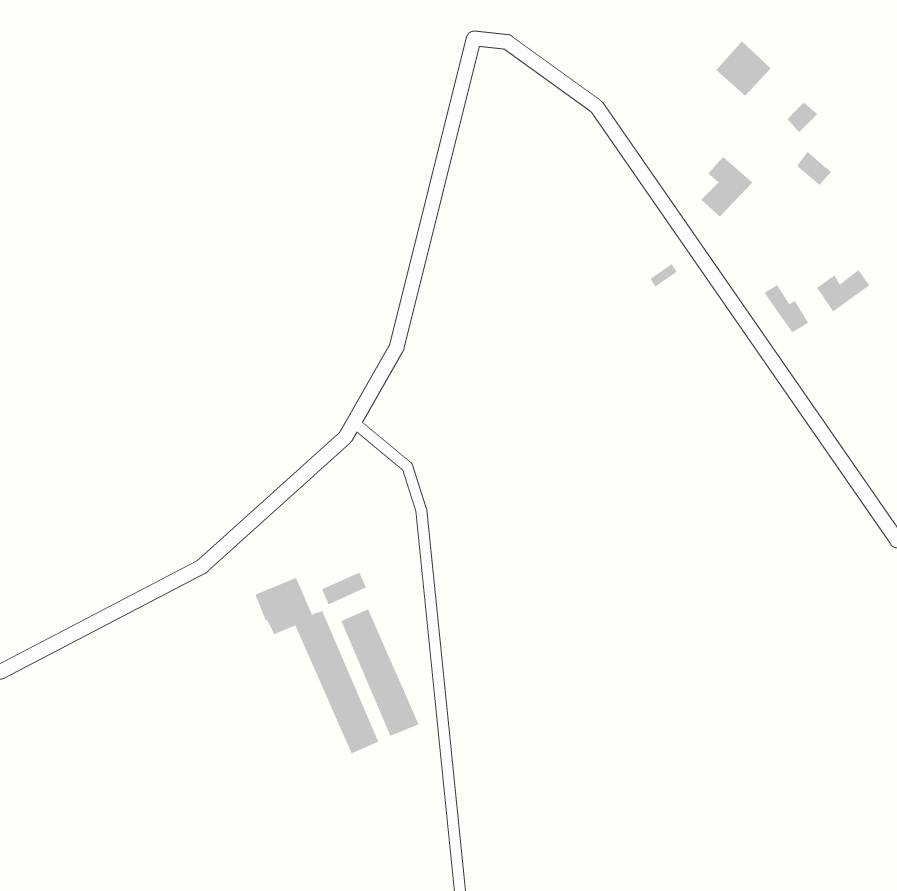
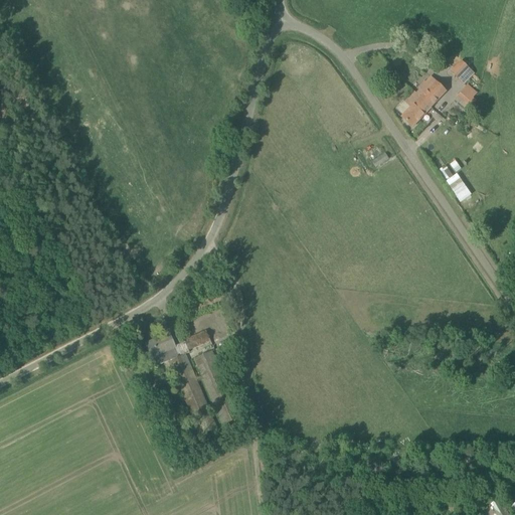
building: [715,40,772,97] -> [414,72,447,105]
building: [816,269,870,313] -> none

